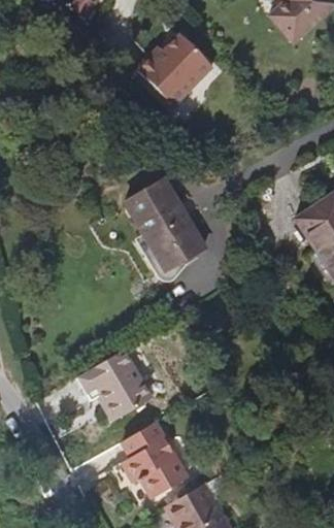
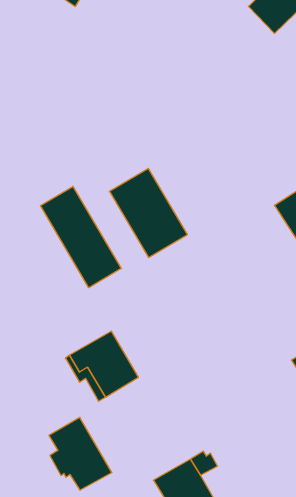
building: [136,33,212,104] -> none
building: none -> [40,186,121,288]
building: [122,421,187,496] -> [49,417,112,490]

